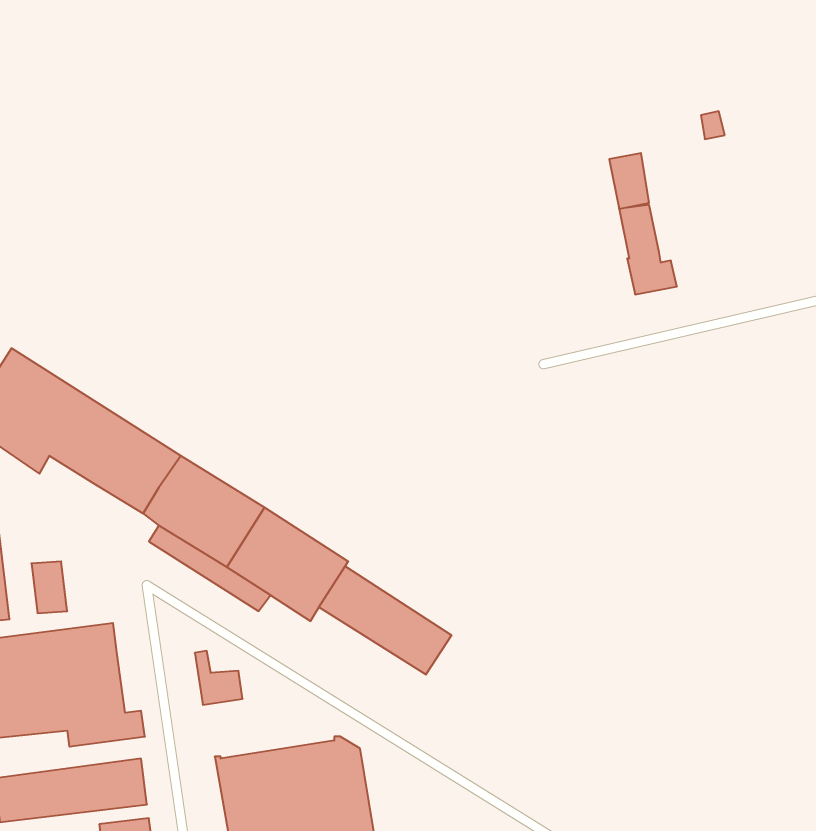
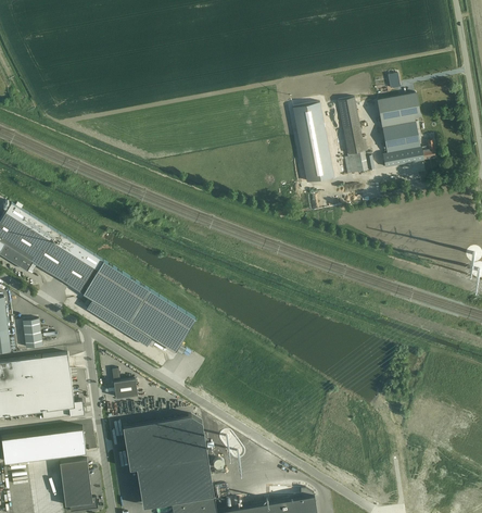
building: none -> [377,95,433,168]
building: none -> [290,101,330,182]
building: [319,566,451,675] -> none

